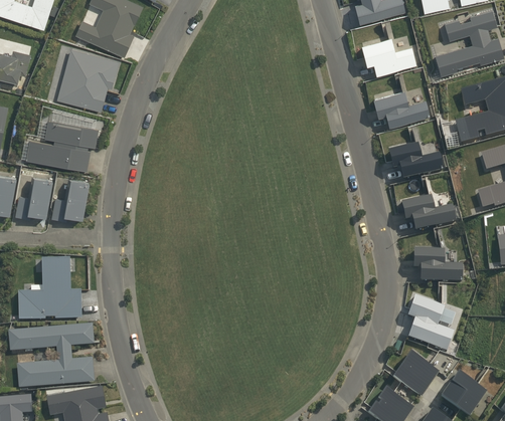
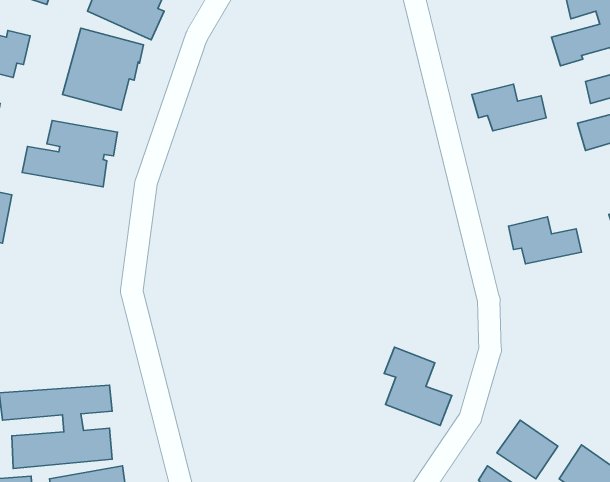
building: [360,38,417,76] -> none
building: [387,143,444,179] -> none
building: [15,175,54,219] -> none
building: [51,177,91,221] -> none
building: [412,248,463,280] -> none
building: [17,257,81,320] -> none
building: [408,299,461,360] -> [384,347,452,425]

